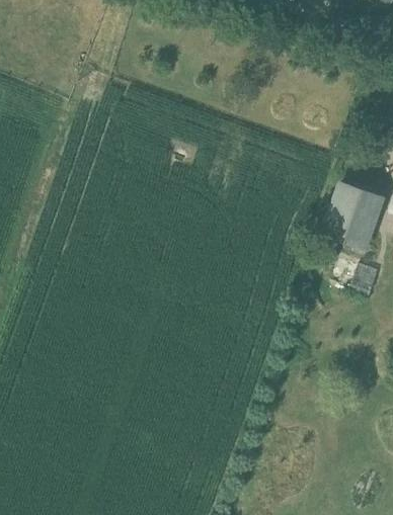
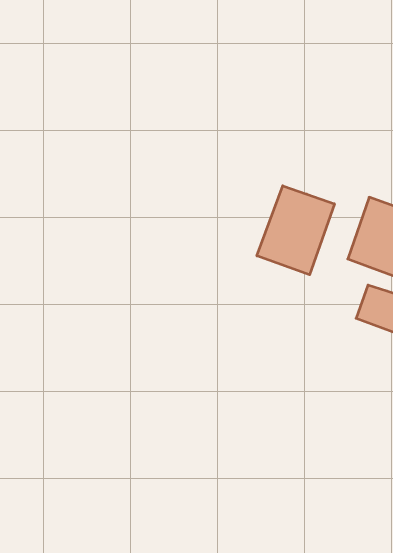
building: none -> [257,186,334,275]

